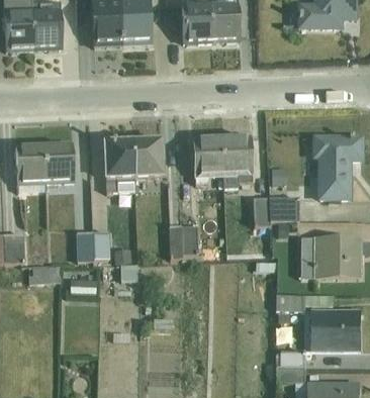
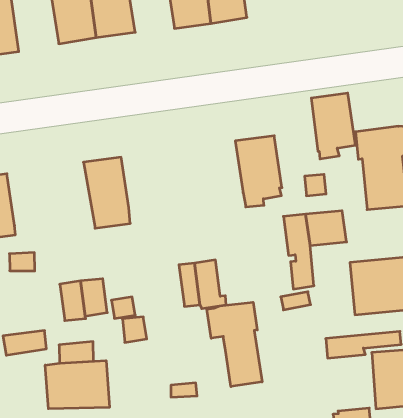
building: [193,135,223,184] -> [311,93,355,159]
building: [132,137,166,179] -> none
building: [43,141,75,184] -> none
building: none -> [207,302,262,387]
building: none -> [45,361,109,409]

